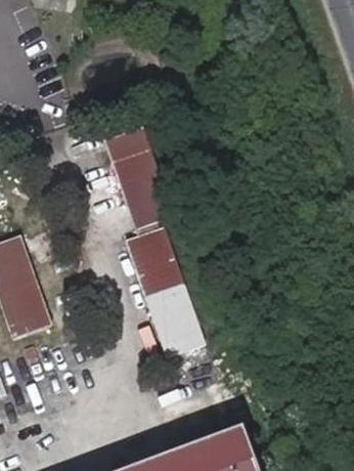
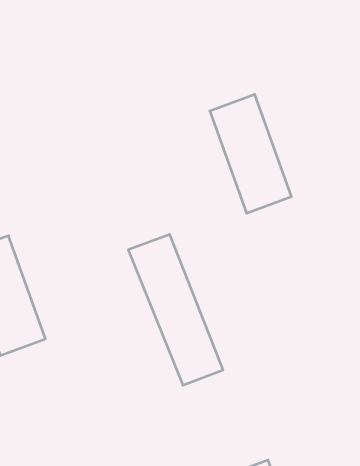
building: [101,128,172,230] -> [210,94,291,213]

